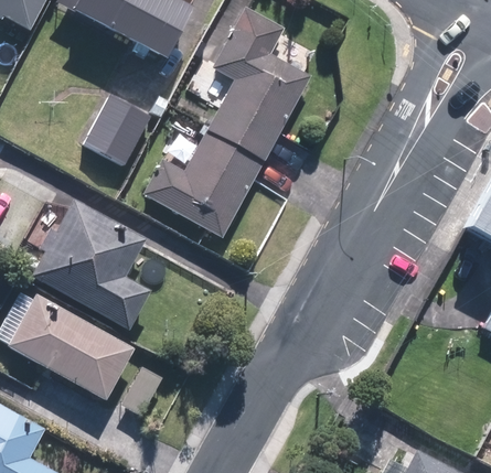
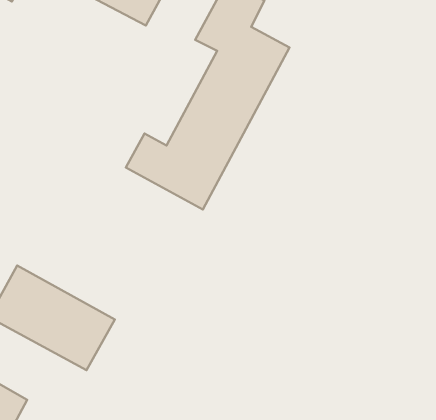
building: [86,96,149,163] -> none
building: [30,202,147,330] -> none

